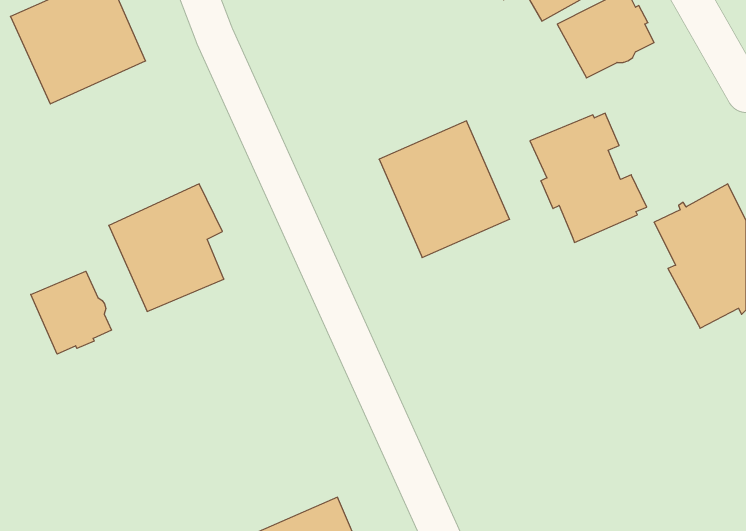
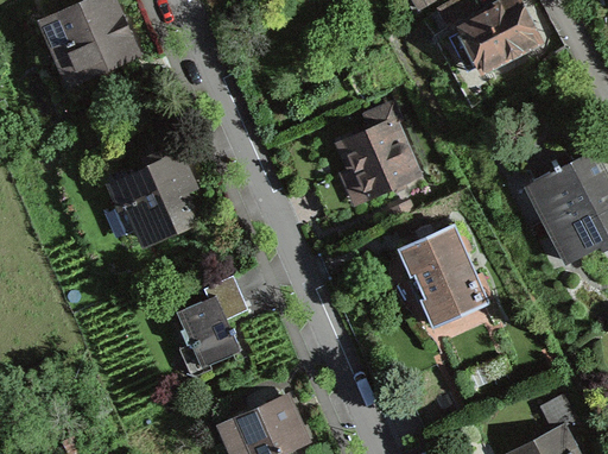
building: [530,113,647,242] -> [400,226,490,326]
building: [31,271,111,354] -> none
building: none -> [175,277,246,370]

